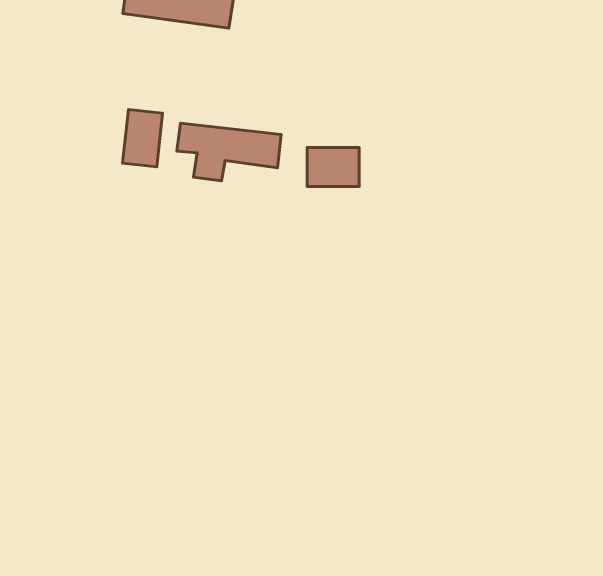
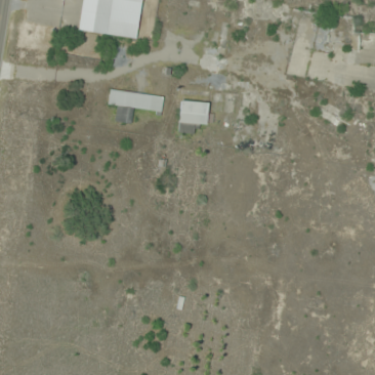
building: [122,109,163,167] -> none

